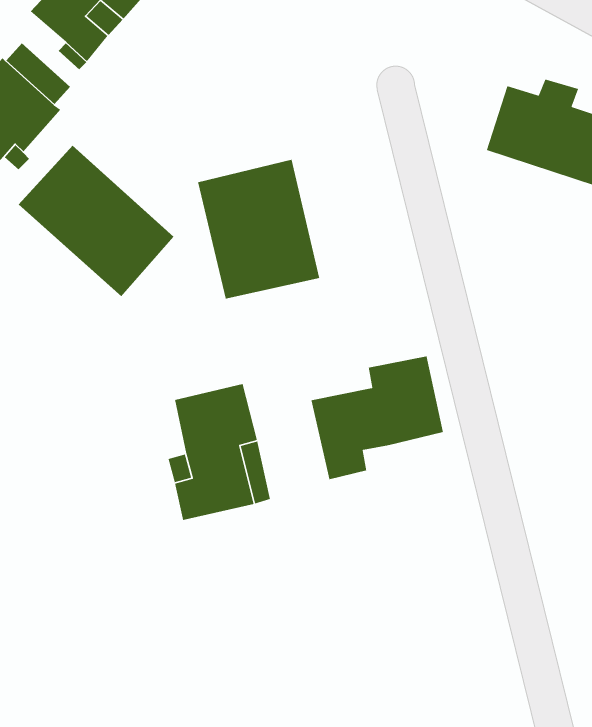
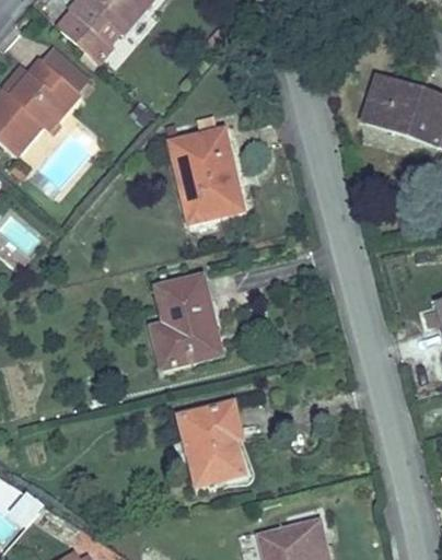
building: [18,145,174,297] -> none
building: [311,355,444,480] -> none
building: none -> [179,401,244,483]

